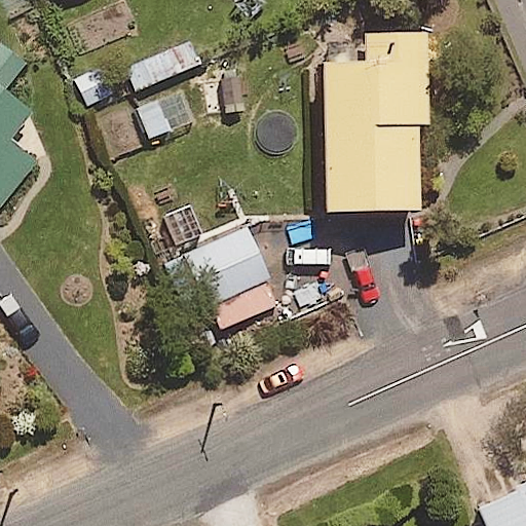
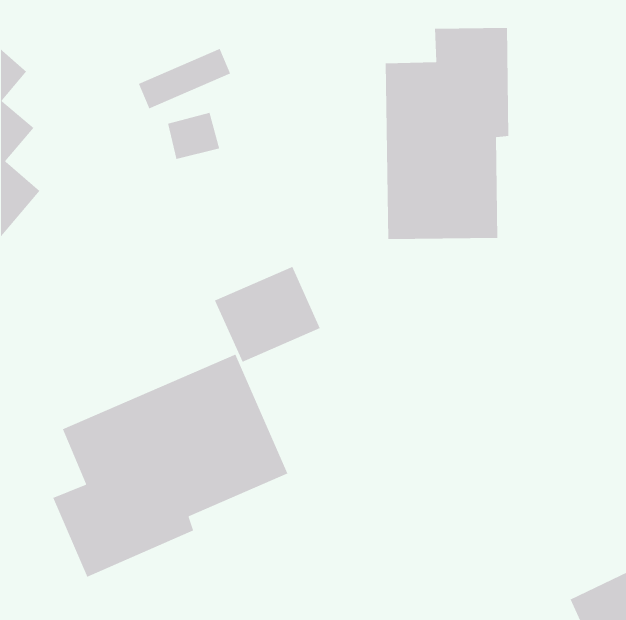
building: none -> [52,353,289,578]

